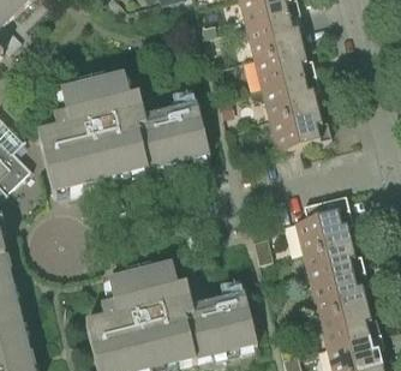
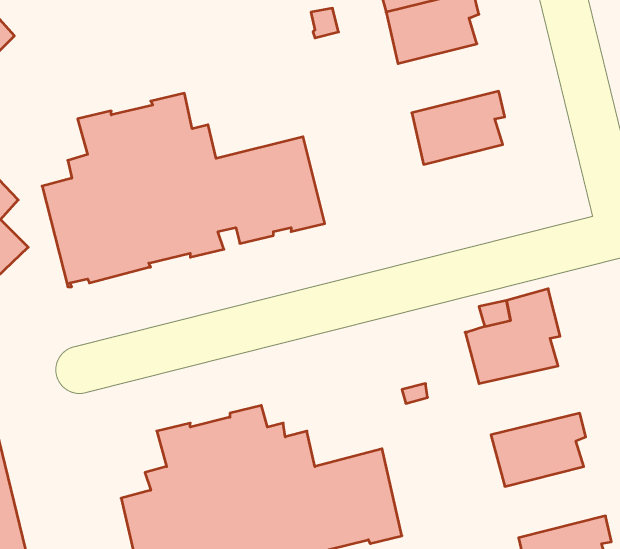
building: [253,44,315,86] -> none
building: [269,106,330,150] -> none
building: [303,240,364,282] -> none
building: [318,301,379,345] -> none

